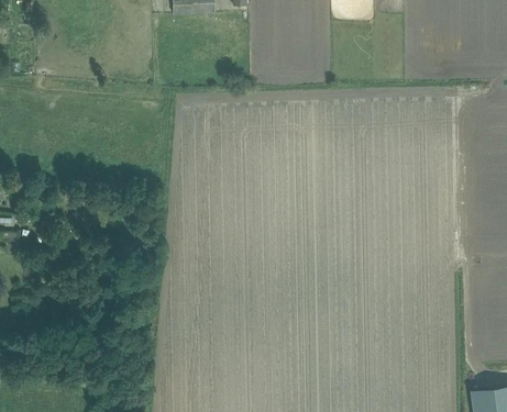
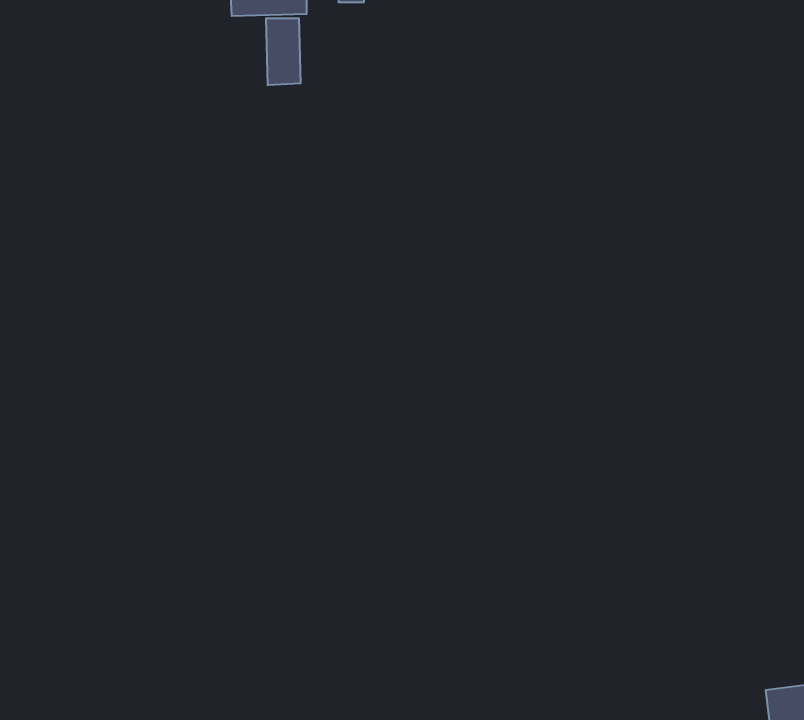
building: none -> [266,18,301,85]

